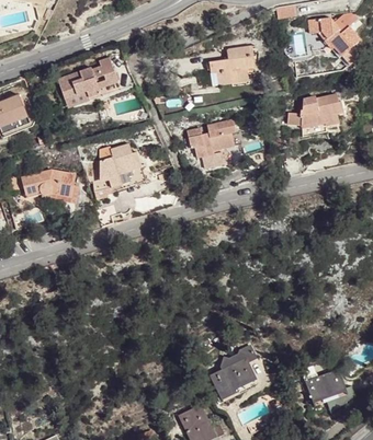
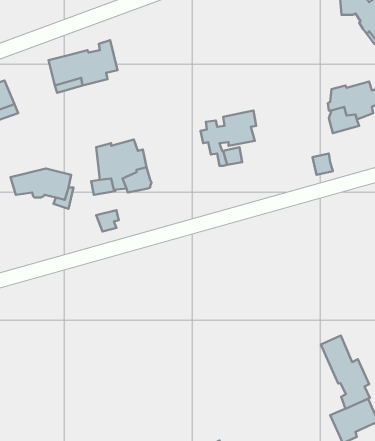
building: [204,46,251,85] -> none
building: none -> [321,335,370,409]
building: [215,359,259,395] -> none

